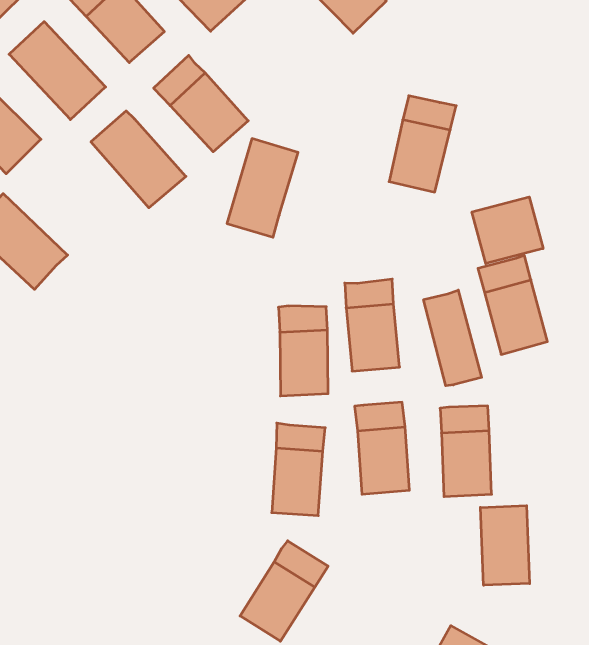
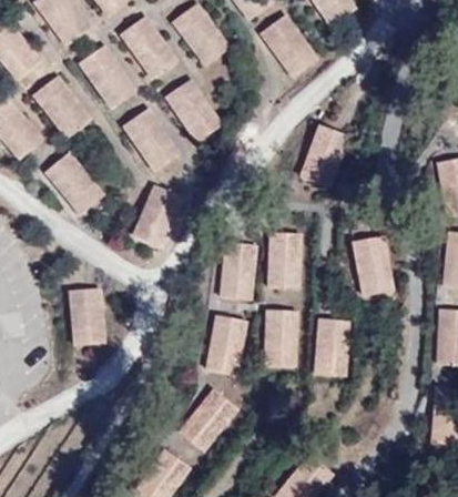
building: [227,139,298,237] -> [132,181,182,244]
building: [472,197,543,264] -> none
building: [424,290,482,386] -> none
building: none -> [71,283,105,341]
building: [480,506,530,585] -> none

